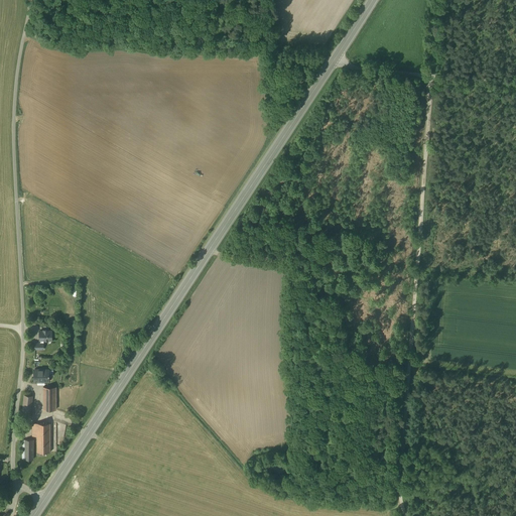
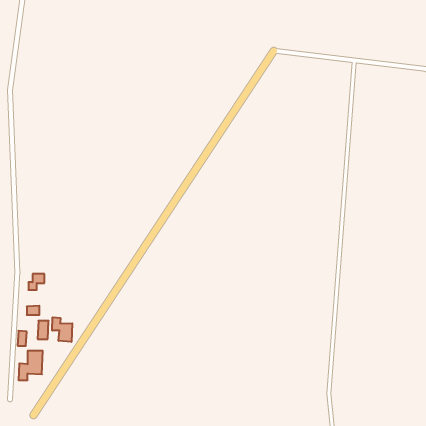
building: none -> [52,317,72,342]

